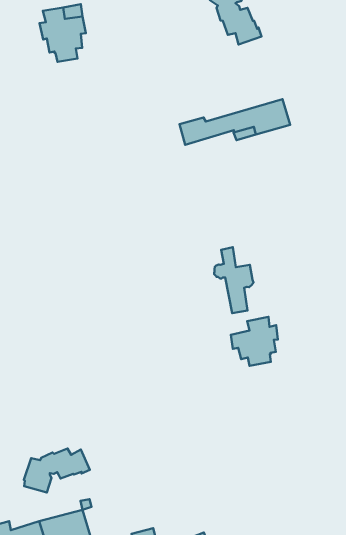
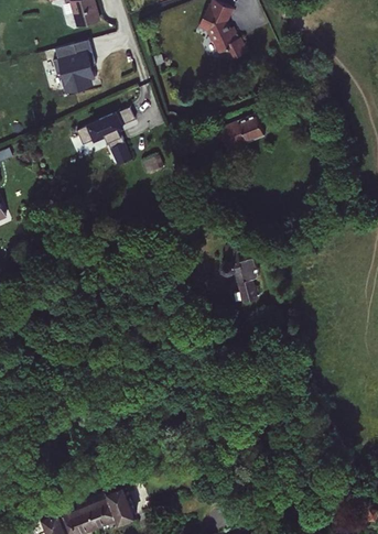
building: none -> [72,108,131,151]
building: [231,317,278,366] -> none
building: [24,449,90,492] -> none

